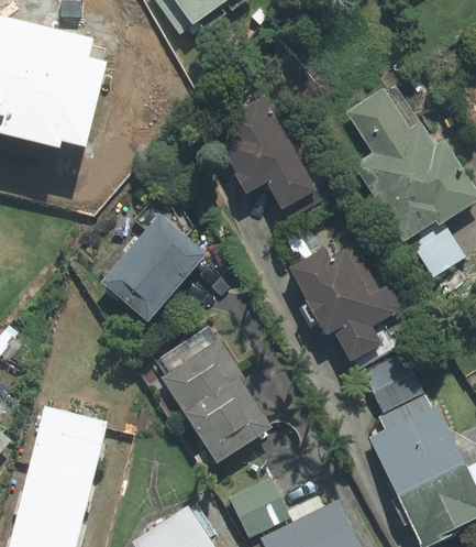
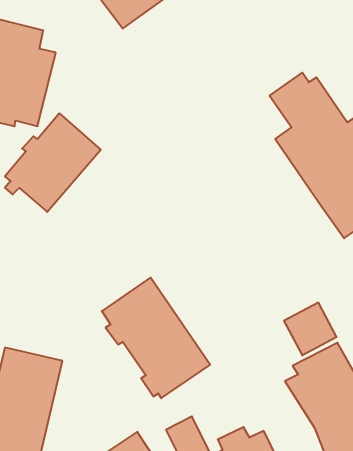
building: [219,92,320,208] -> none
building: [100,210,210,324] -> [5,113,101,212]
building: [284,232,400,359] -> none

